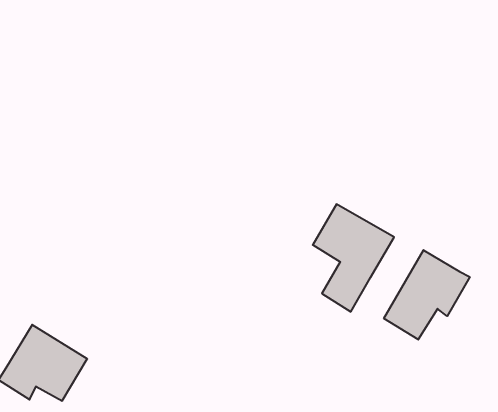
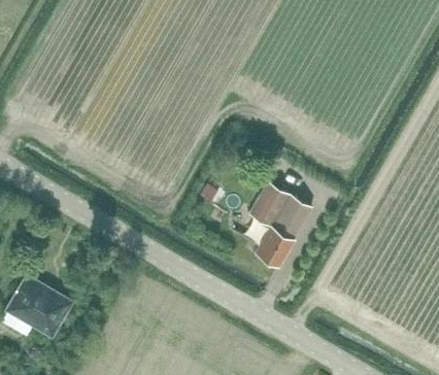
building: [384,250,470,340] -> none

